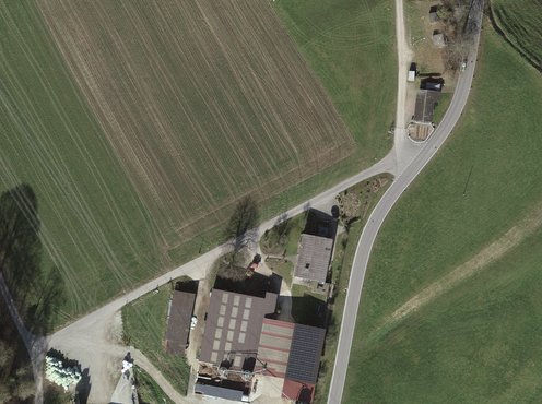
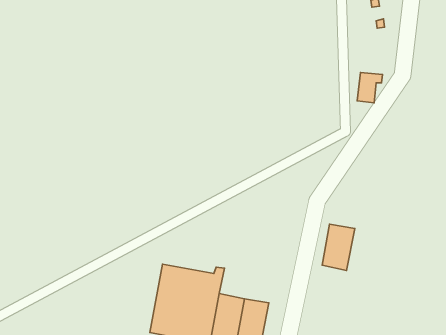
building: [296,233,330,281] -> [322,224,355,270]
building: [168,290,193,342] -> none

